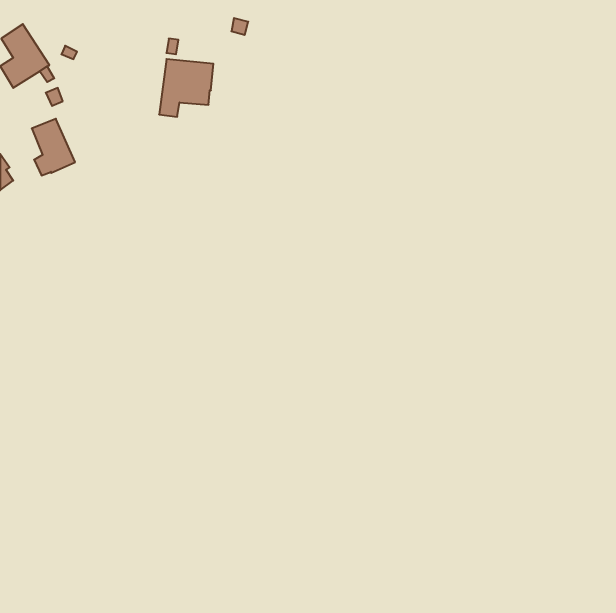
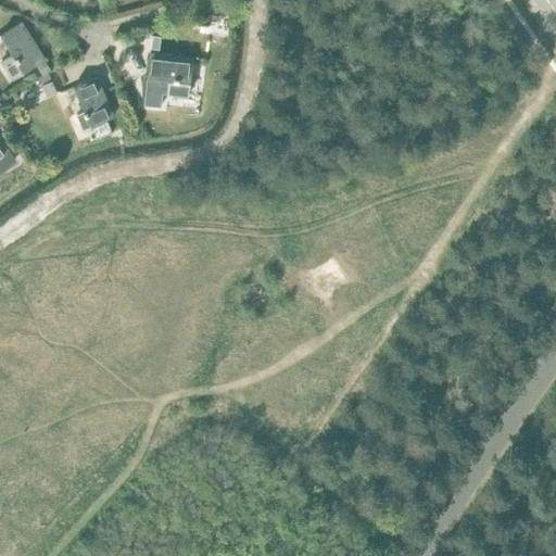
building: [32,119,75,175] -> [74,79,113,130]

